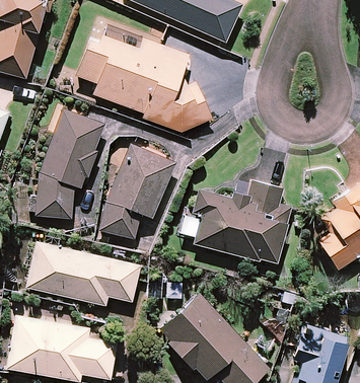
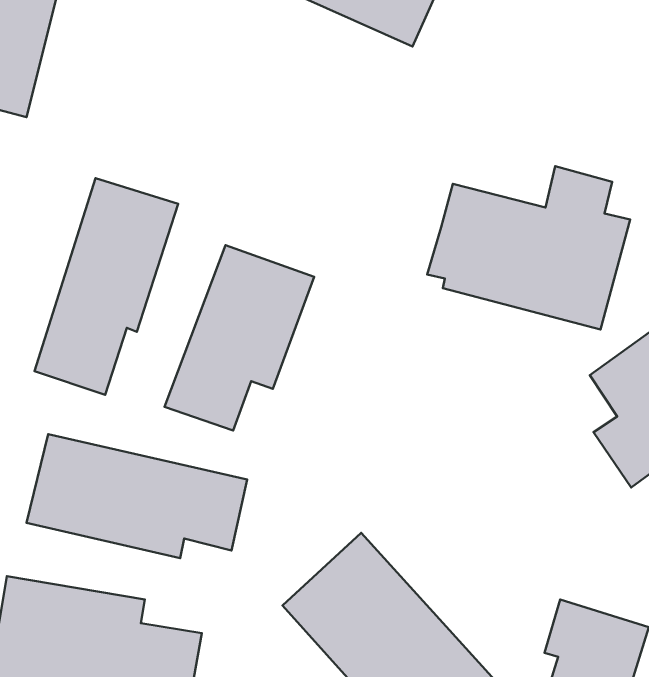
building: [77,32,212,133] -> none
building: [187,181,291,265] -> [427,166,630,330]

